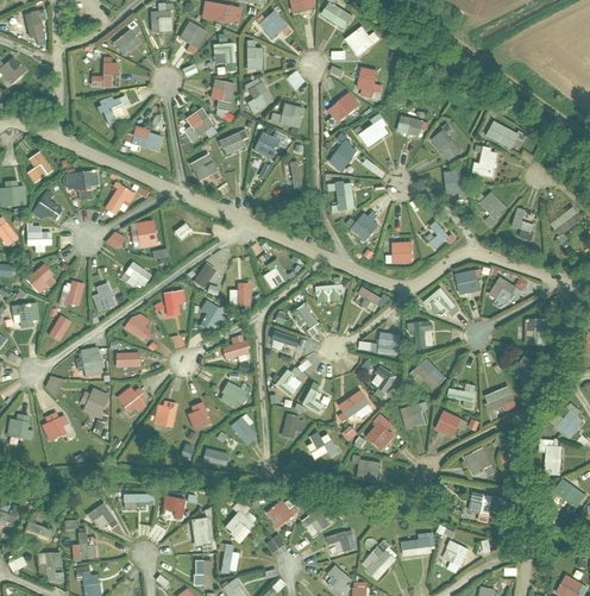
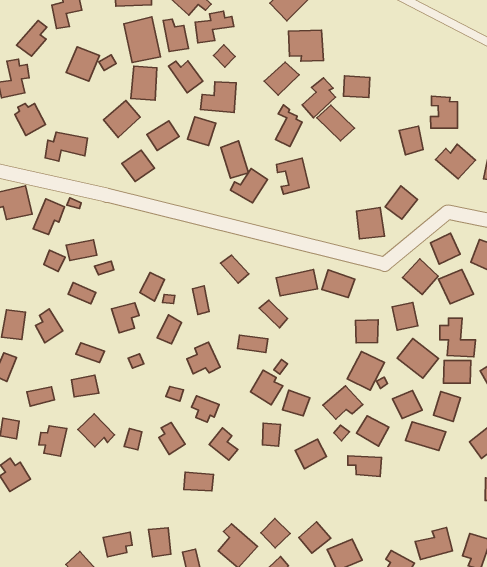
building: [176,21,208,54] -> [66,47,100,81]
building: none -> [195,11,234,43]
building: [485,120,519,151] -> none
building: [429,130,462,163] -> [317,105,354,141]
building: [347,208,382,239] -> [231,169,268,203]
building: none -> [439,269,473,304]
building: none -> [440,318,475,357]
building: none -> [405,422,446,451]

